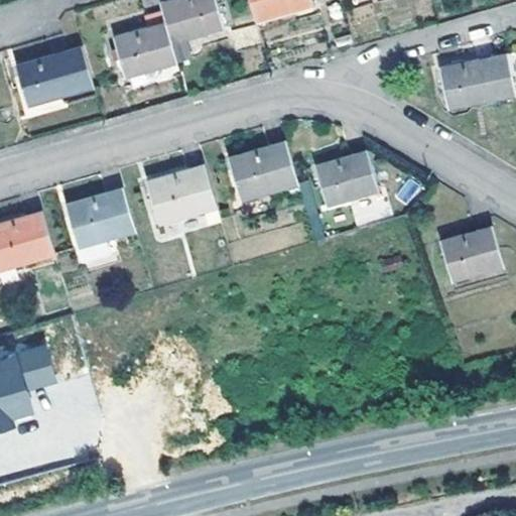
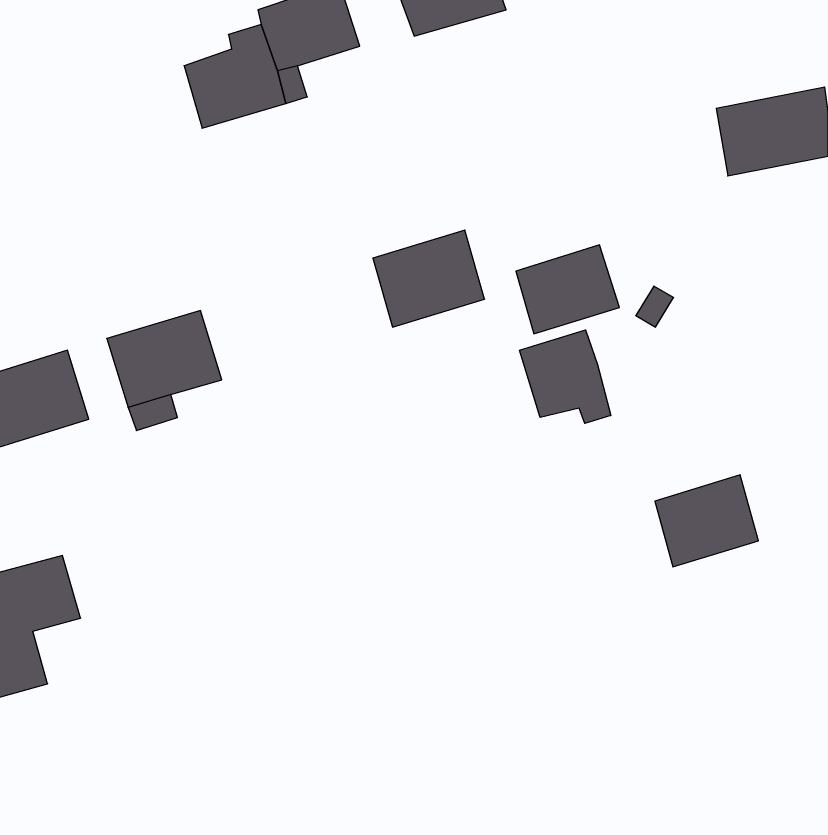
building: [13,47,92,106] -> none
building: [147,165,217,226] -> none
building: none -> [519,330,611,423]
building: [437,224,501,280] -> [655,475,758,567]

